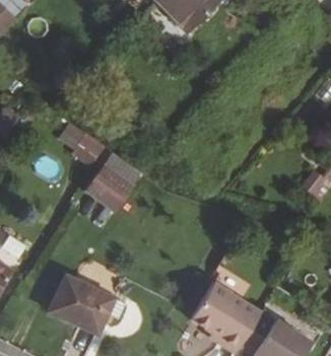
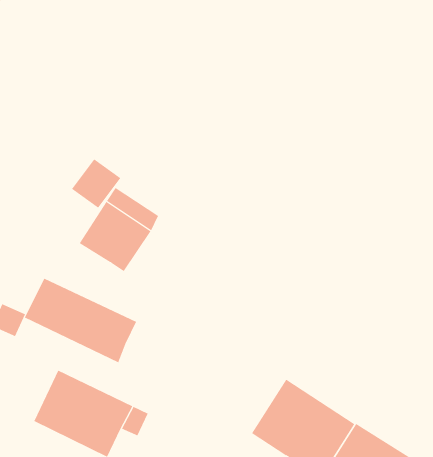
building: none -> [24,278,137,363]

